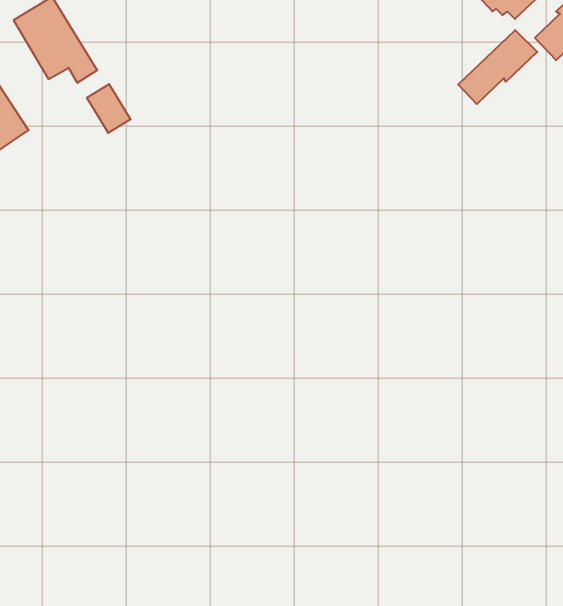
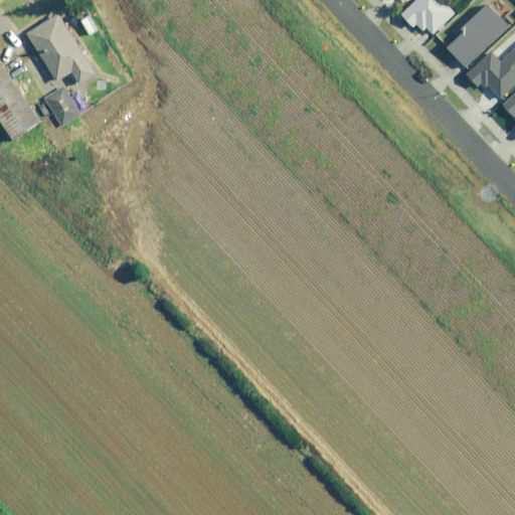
building: [458,30,537,104] -> none
building: [87,84,131,133] -> [43,87,78,126]

